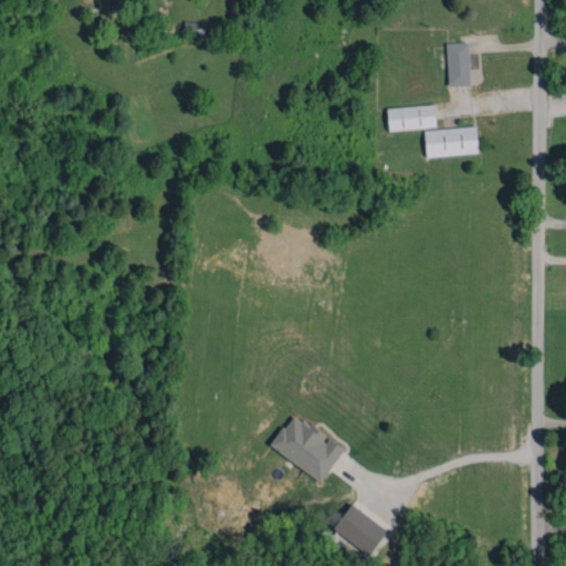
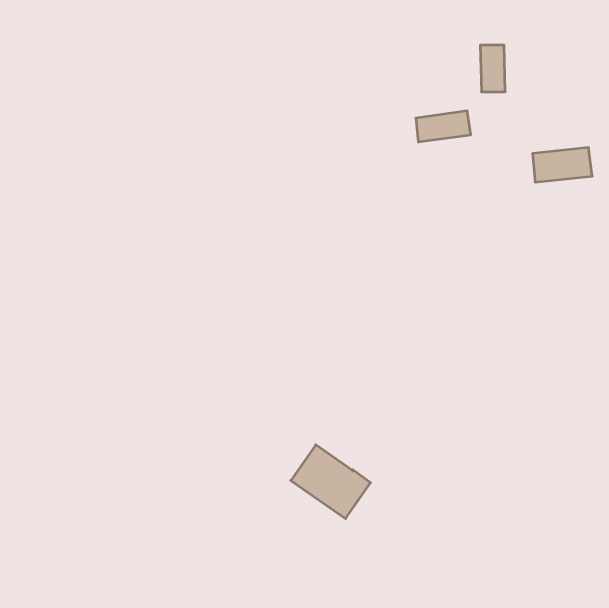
building: [423,126,479,158] -> [533,148,592,182]
building: [333,504,387,556] -> none

